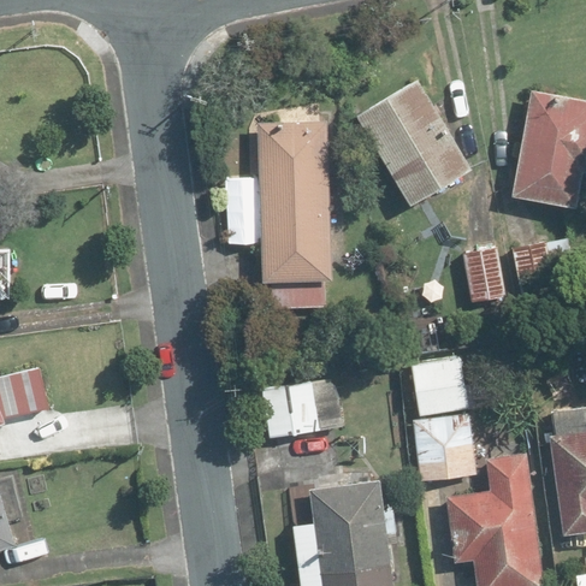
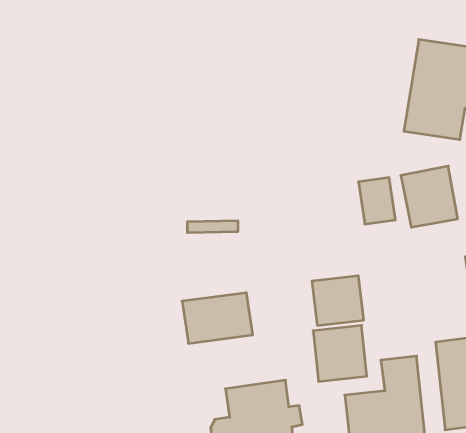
building: [356,79,472,207] -> none
building: [243,120,331,280] -> none

